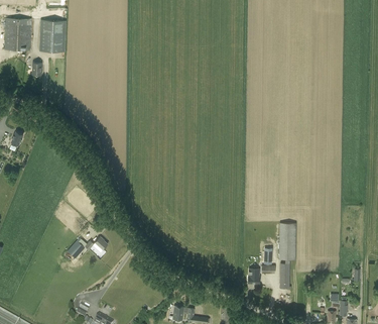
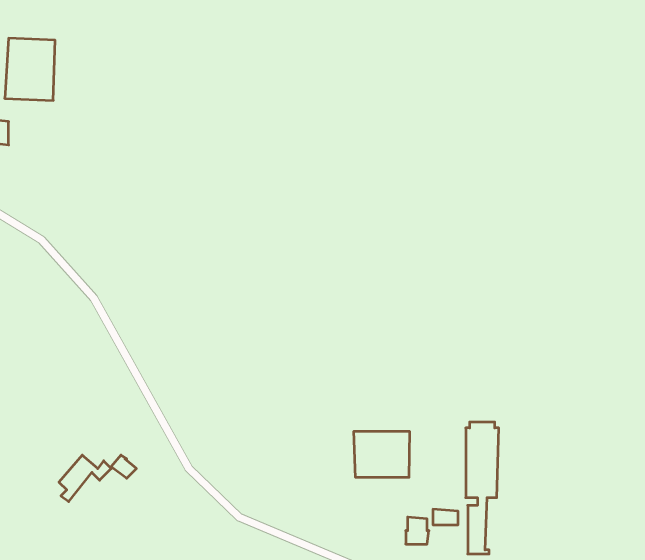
building: none -> [354,431,409,477]

